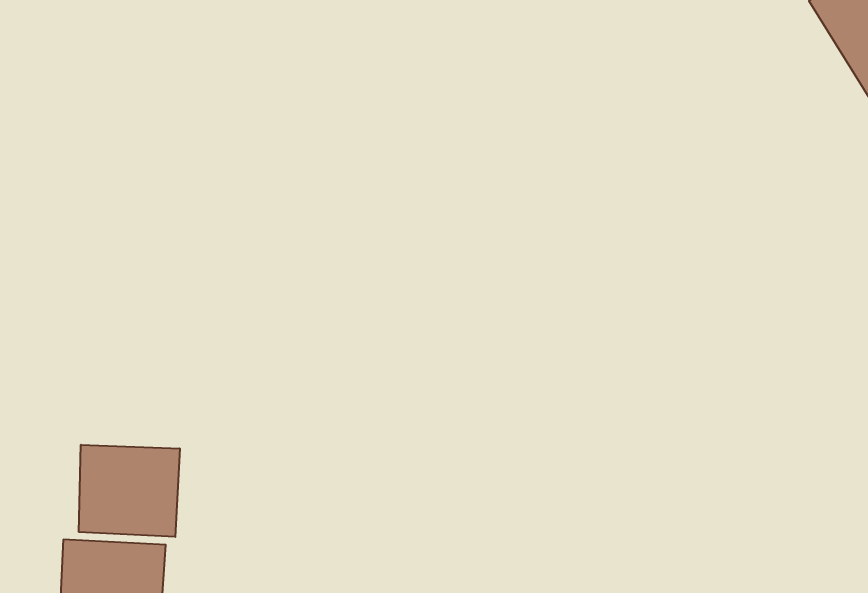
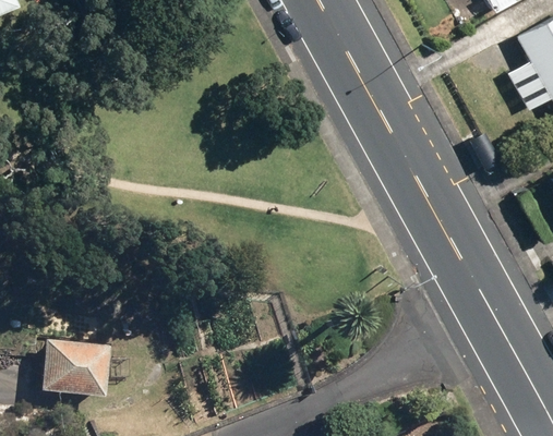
building: [79,445,180,537] -> none

